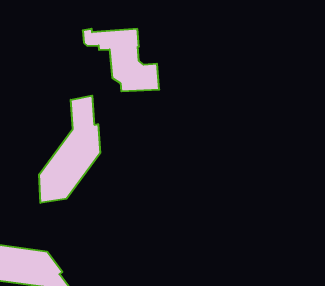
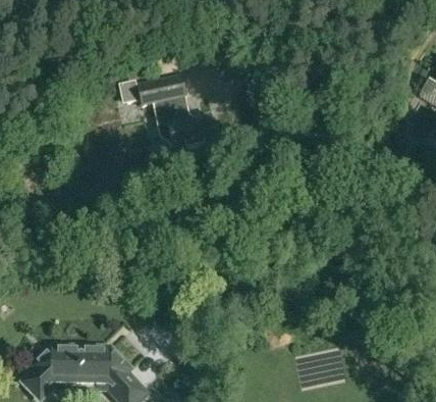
building: [39,96,100,203] -> none

